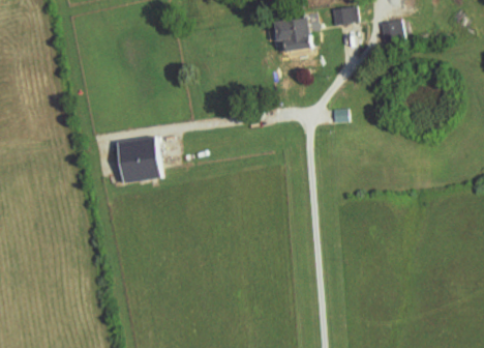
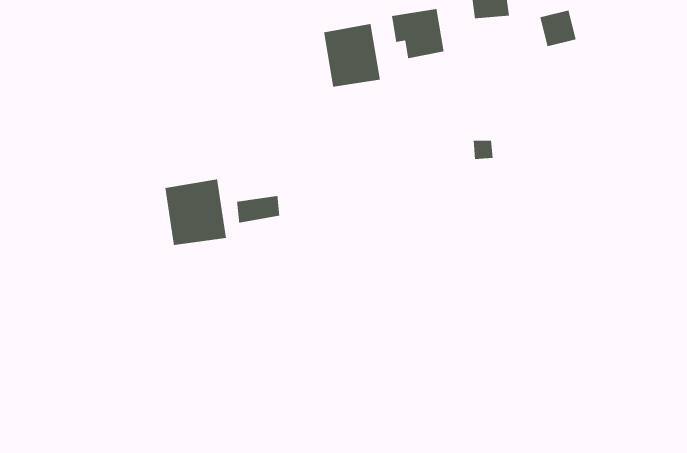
building: none -> [323,23,381,88]
building: none -> [237,195,280,224]

